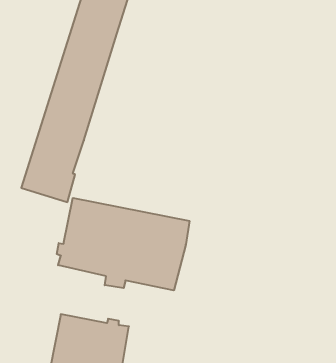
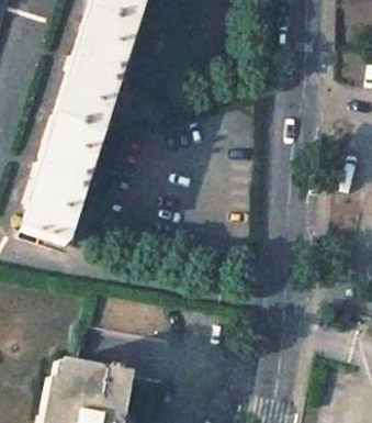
building: [57,198,189,290] -> none

